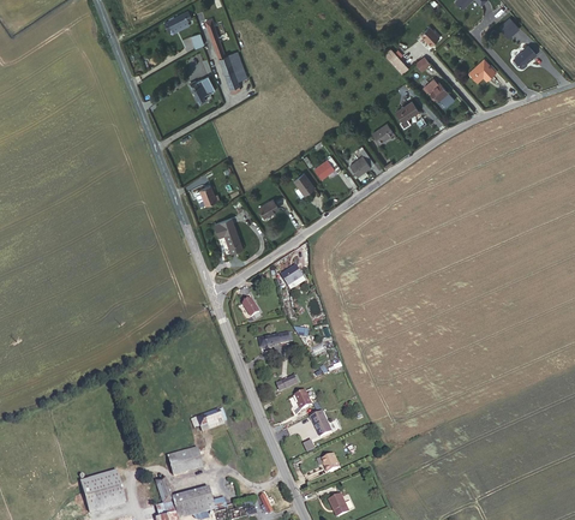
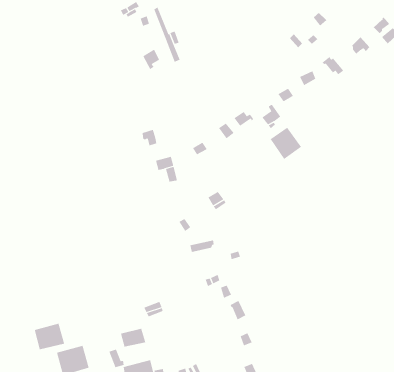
building: none -> [270,127,302,160]
building: none -> [34,323,65,350]

